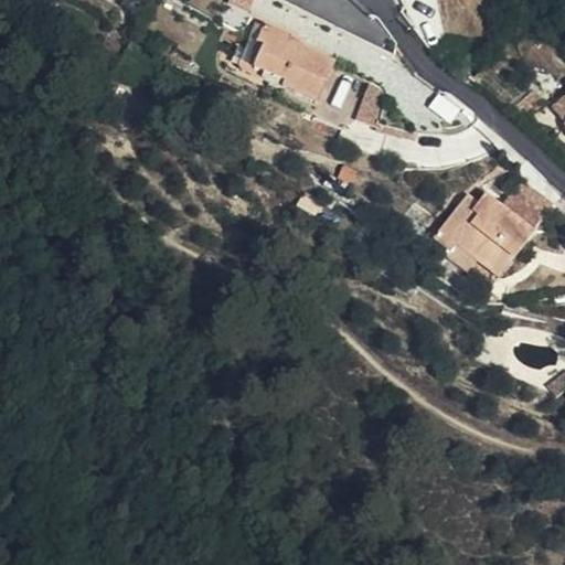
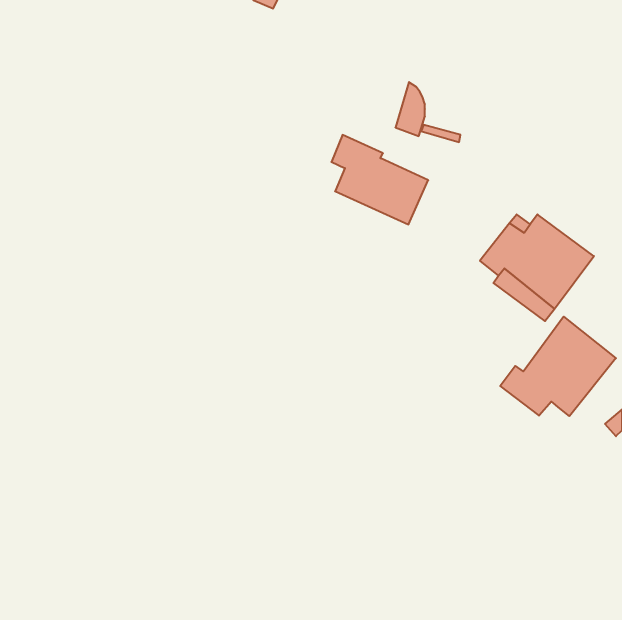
building: [248,17,335,97] -> [331,135,428,224]
building: none -> [500,317,616,416]

